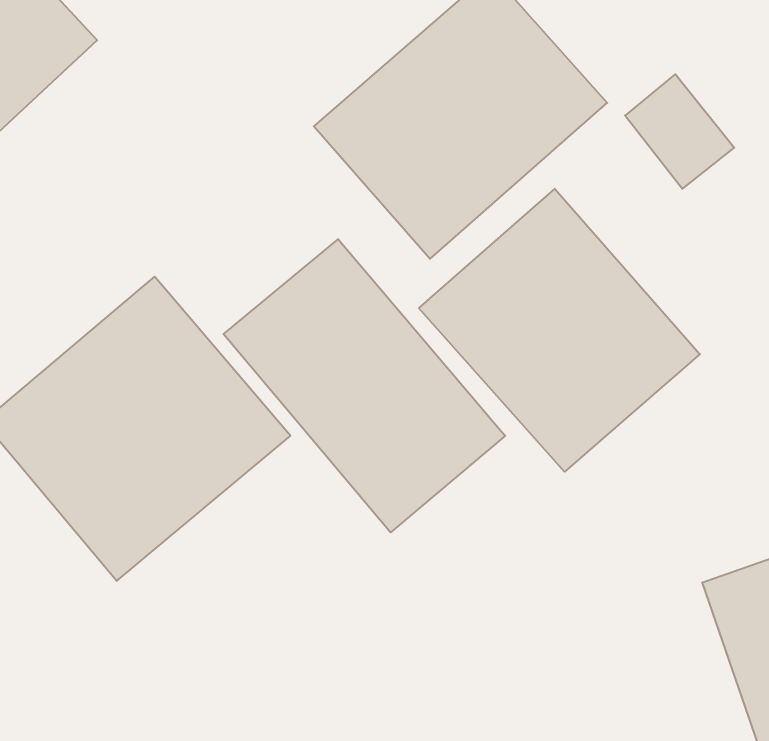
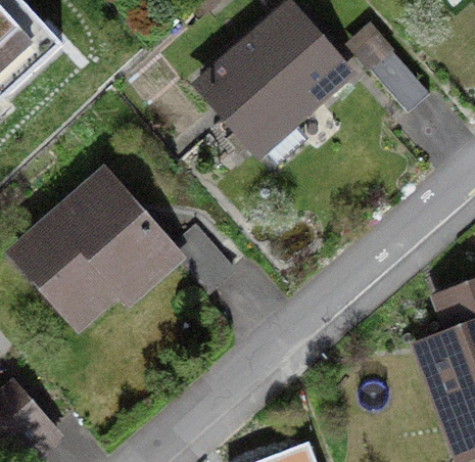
building: [419,189,700,472] -> none
building: [223,239,505,532] -> none

